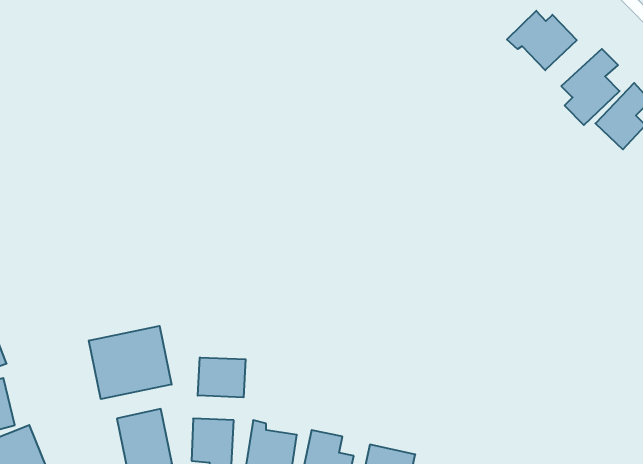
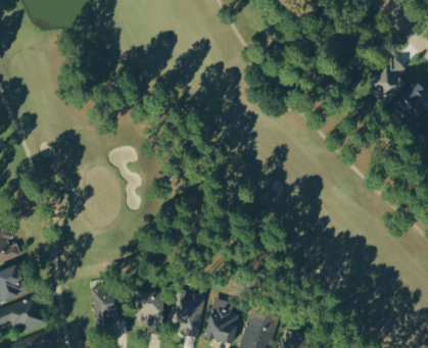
building: [507,11,577,70] -> none
building: [89,326,172,399] -> none
building: [198,357,246,397] -> none

